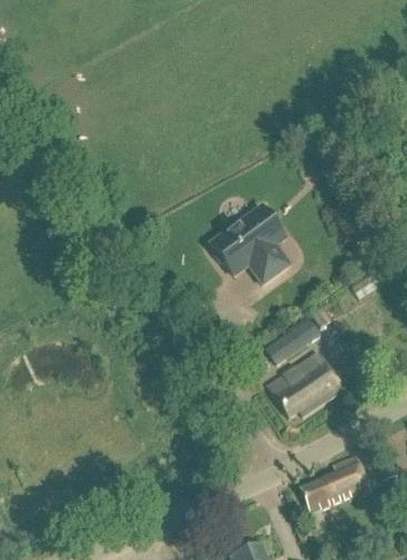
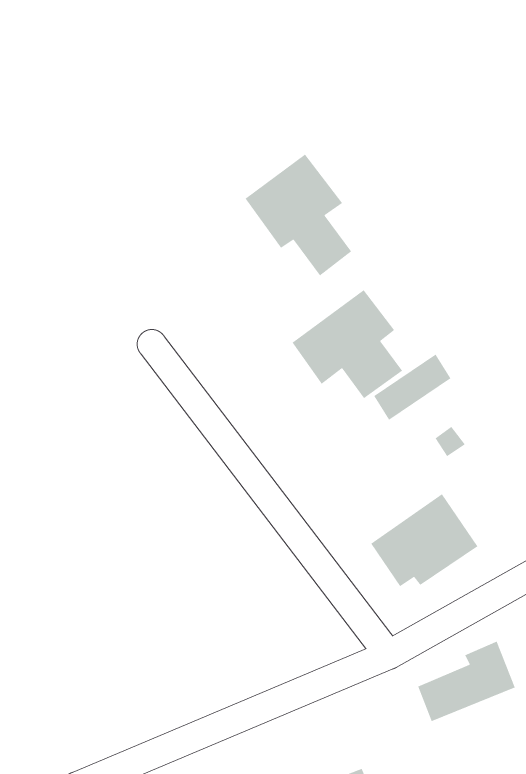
building: none -> [244,153,352,276]
building: [264,315,320,362] -> [373,353,452,421]

